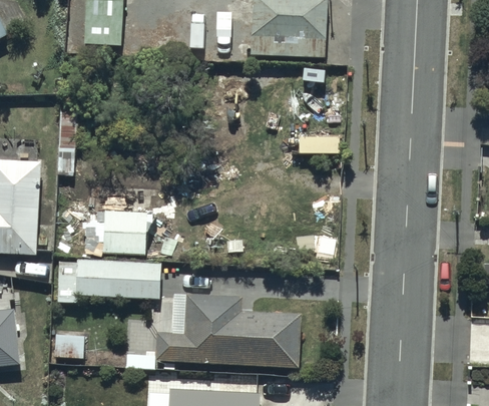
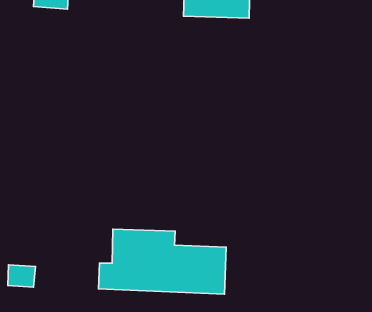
building: [99,211,146,256] -> none
building: [56,260,161,304] -> none

